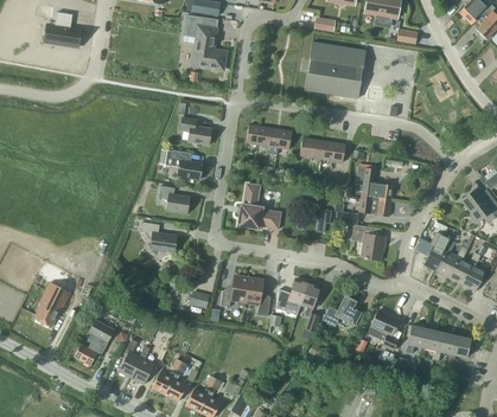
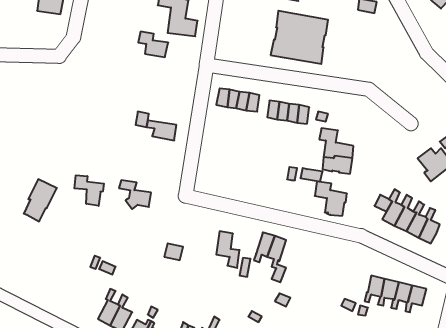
building: [180,117,212,145] -> [138,32,168,57]
building: [238,184,280,229] -> none
building: [159,186,190,213] -> none
building: none -> [74,175,104,206]
building: [221,275,249,307] -> none
building: [34,282,70,327] -> [24,179,57,221]
building: [323,295,362,326] -> none
building: [368,310,402,351] -> none
building: [74,319,114,365] -> none

